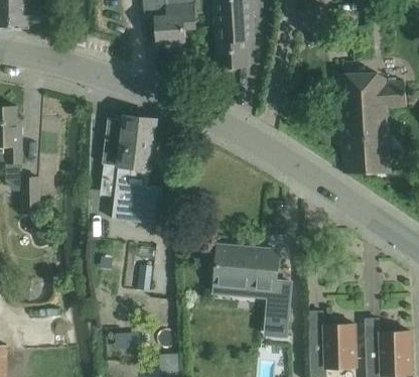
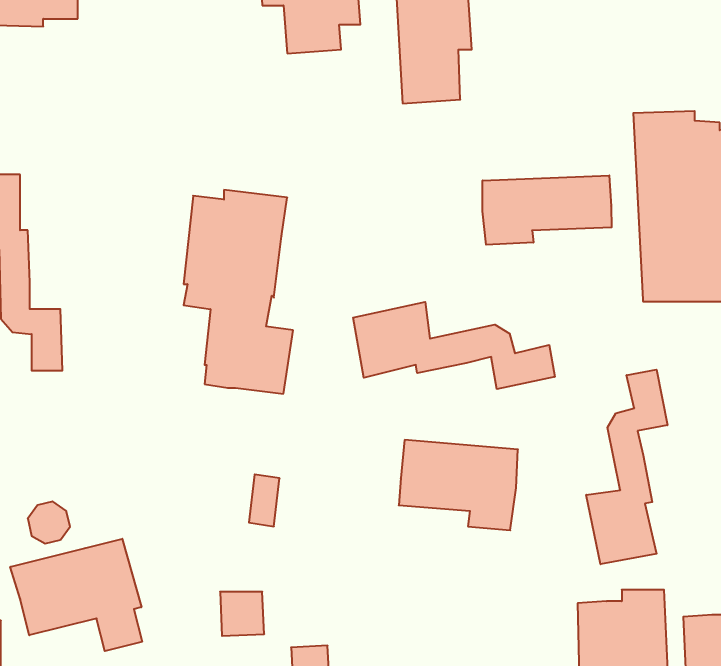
building: none -> [482,175,612,245]
building: none -> [353,302,555,389]
building: none -> [586,370,667,564]
building: none -> [10,539,142,651]
building: [270,299,289,338] -> none

